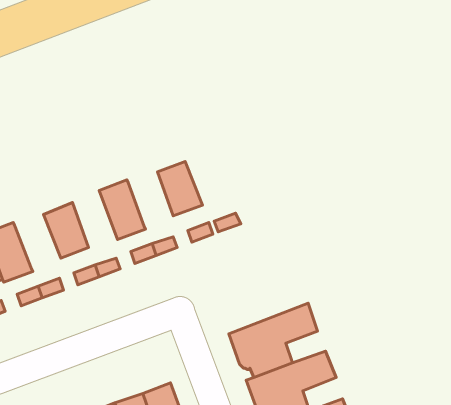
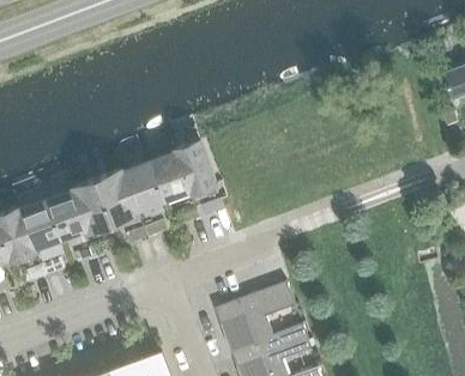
building: none -> [175,139,217,194]
building: none -> [123,162,164,211]
building: none -> [72,178,114,232]
building: none -> [20,200,62,249]

